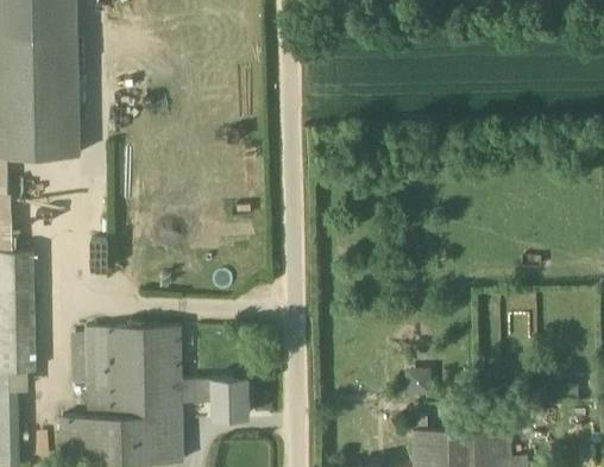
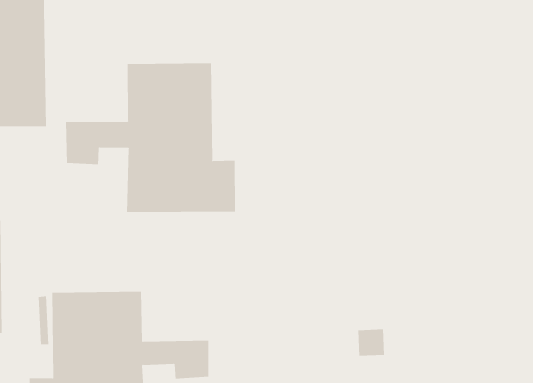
building: none -> [66,63,235,213]

